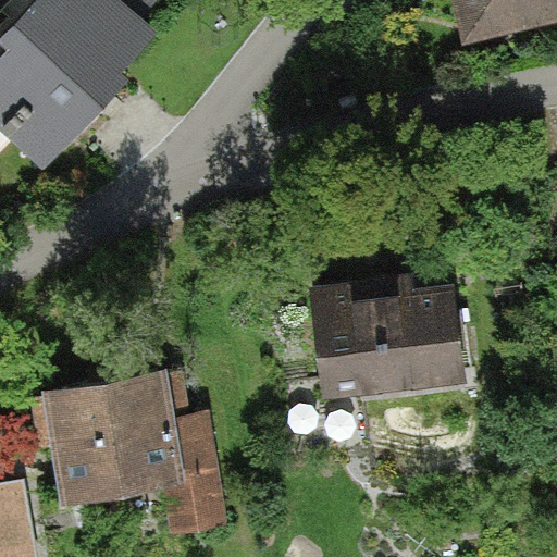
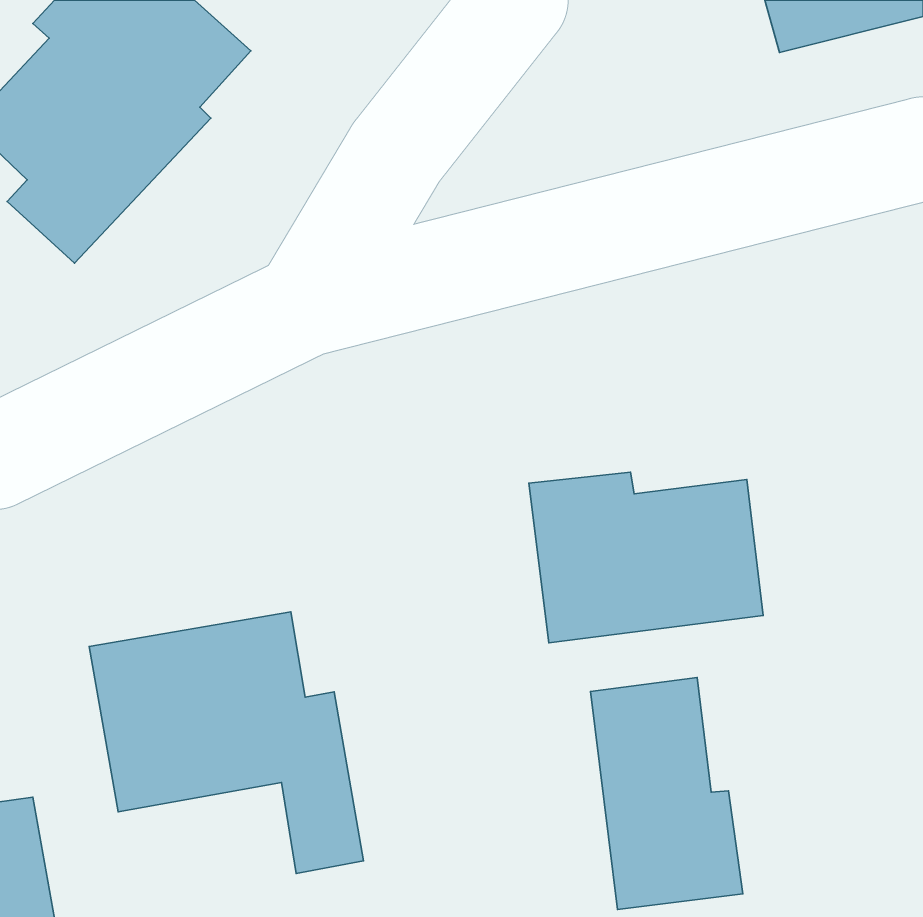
building: none -> [591,678,743,910]

